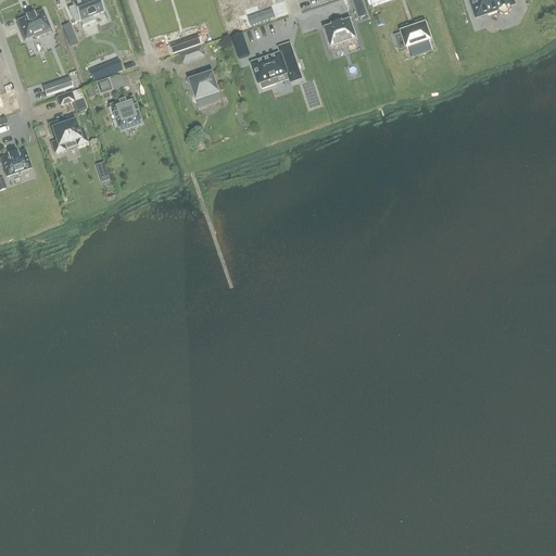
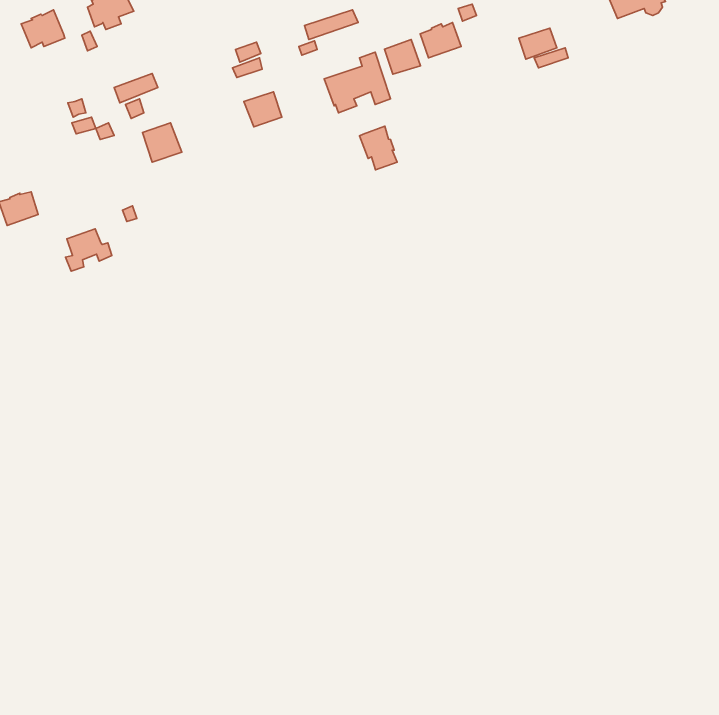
building: none -> [384,40,420,74]
building: none -> [360,126,397,170]
building: [50,118,86,151] -> [65,229,112,271]

